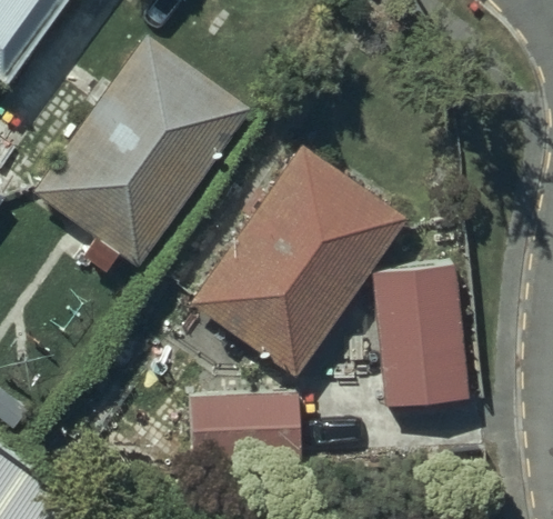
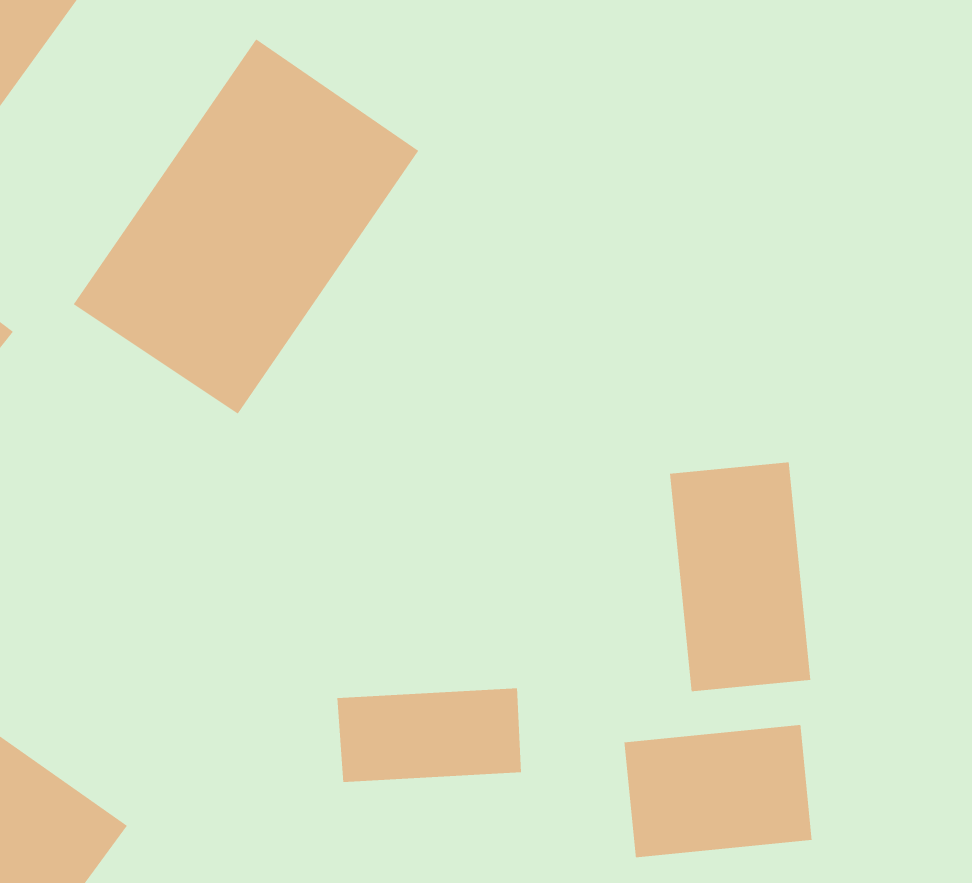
building: [205,150,401,362] -> none
building: none -> [624,724,812,858]

